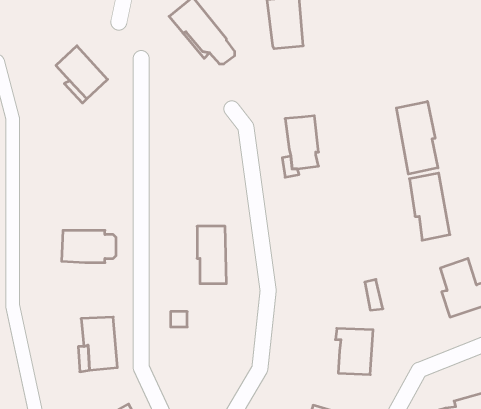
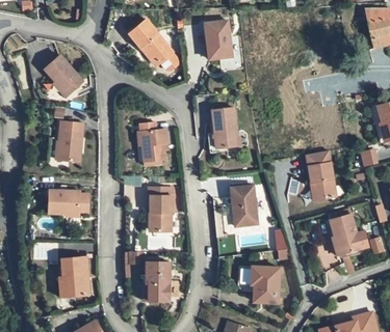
building: [396,101,438,174] -> none
building: none -> [57,122,82,164]
building: none -> [137,123,166,165]
building: none -> [233,185,260,225]
building: none -> [147,264,171,302]

